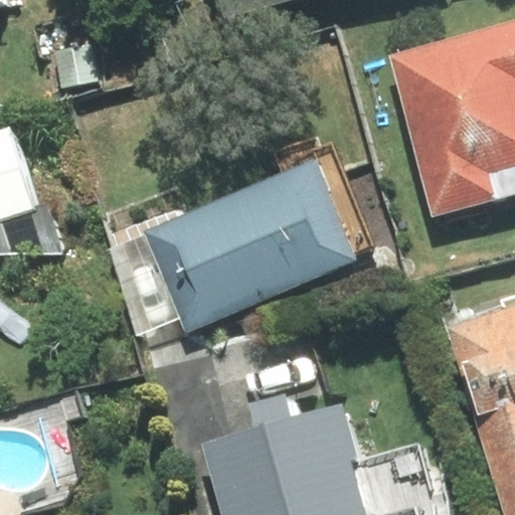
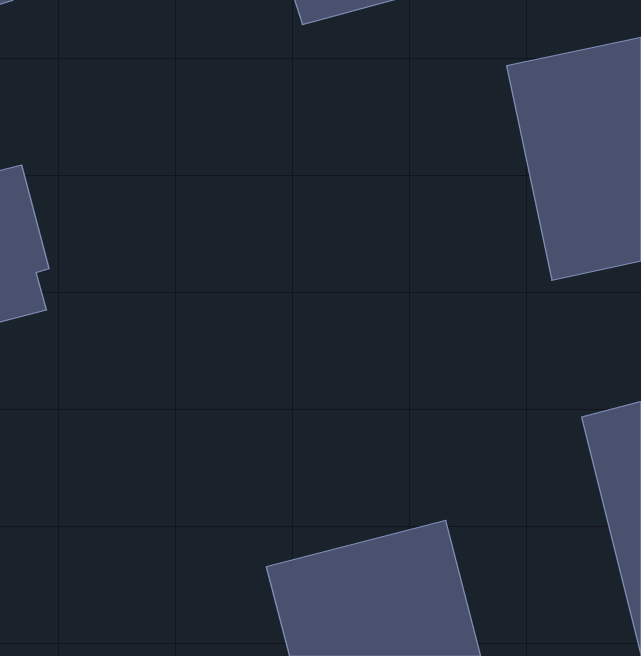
building: [147,161,359,326] -> none

